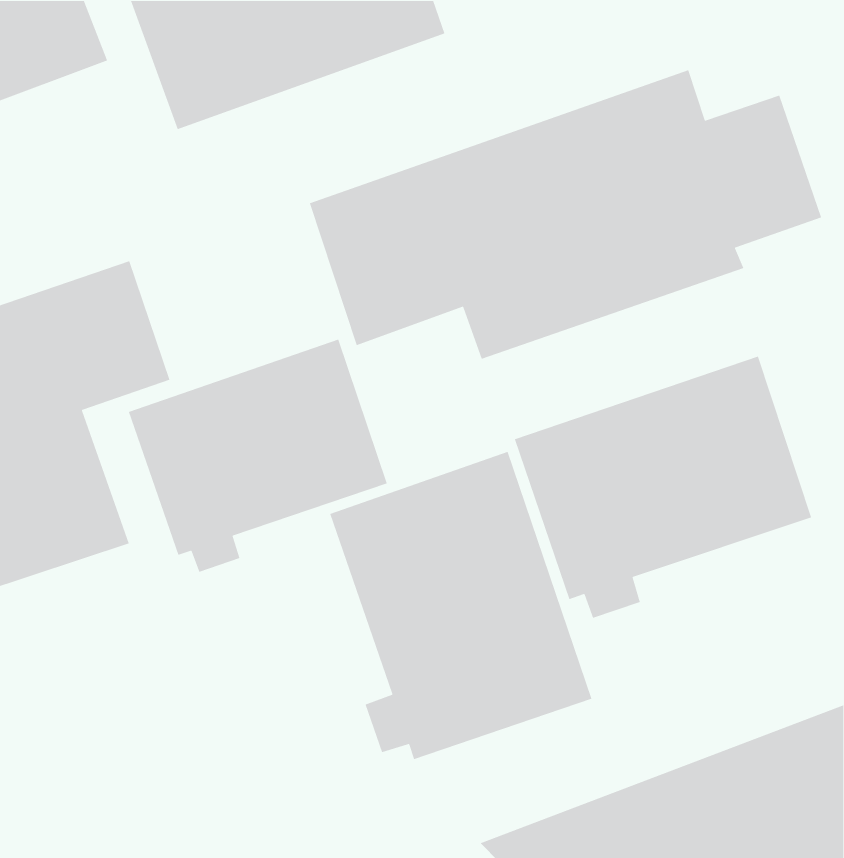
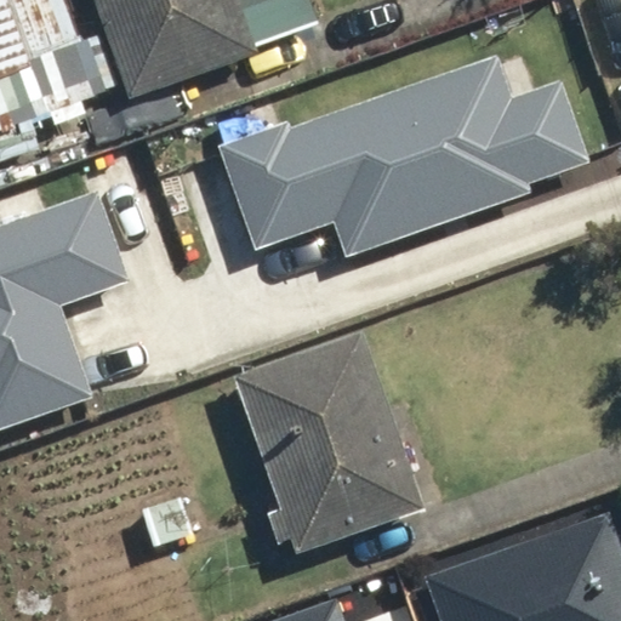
building: [128,338,388,573] -> none
building: [514,356,812,619] -> none

